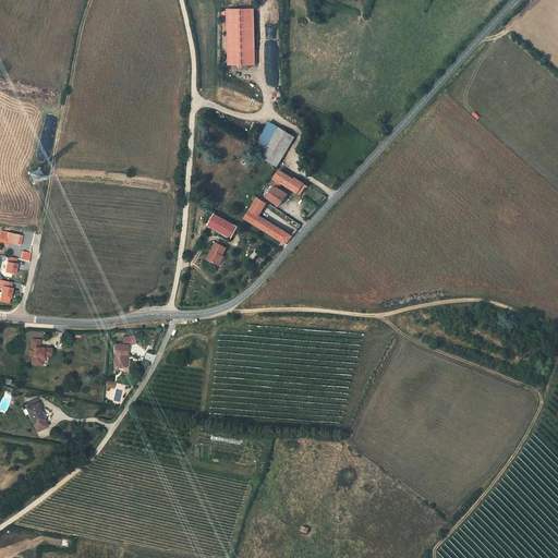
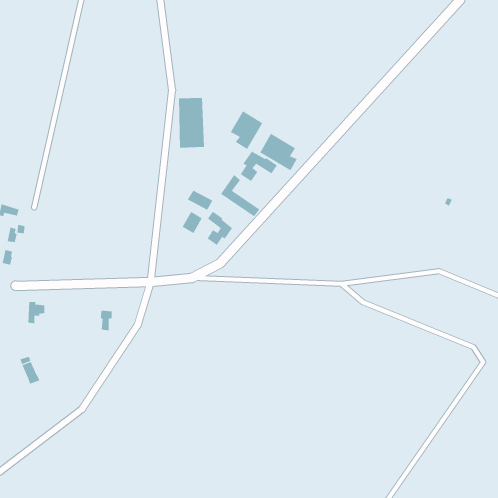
building: [225,10,254,66] -> [178,97,205,148]
building: none -> [260,133,297,171]
building: none -> [207,211,233,246]

